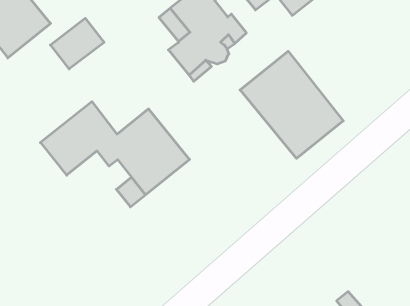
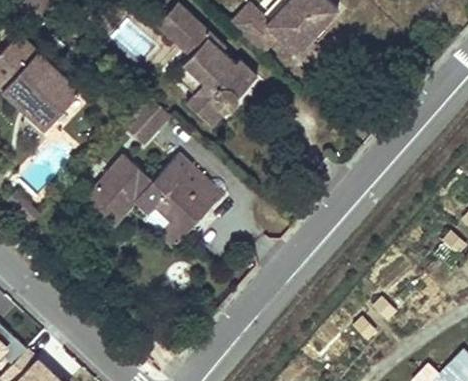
building: [50,18,104,69] -> [121,97,169,145]
building: [240,51,343,158] -> none

